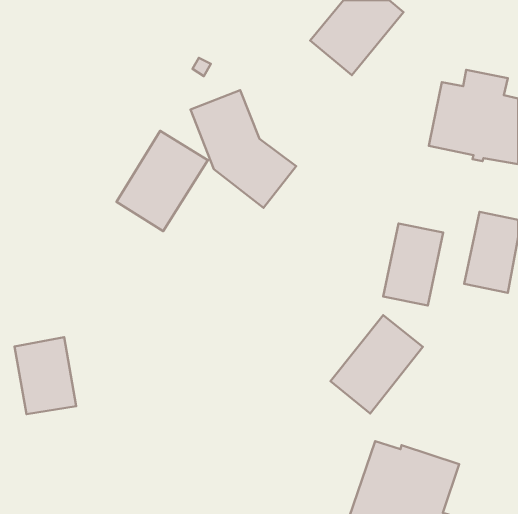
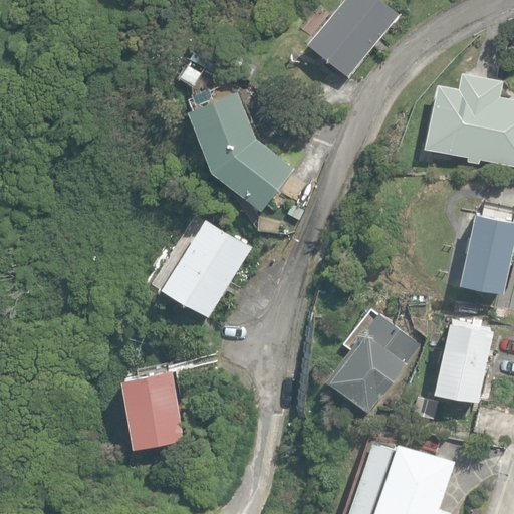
building: [117,131,208,231] -> [163,218,253,317]
building: [383,223,443,306] -> [435,321,494,403]
building: [14,337,76,414] -> [122,370,184,447]

